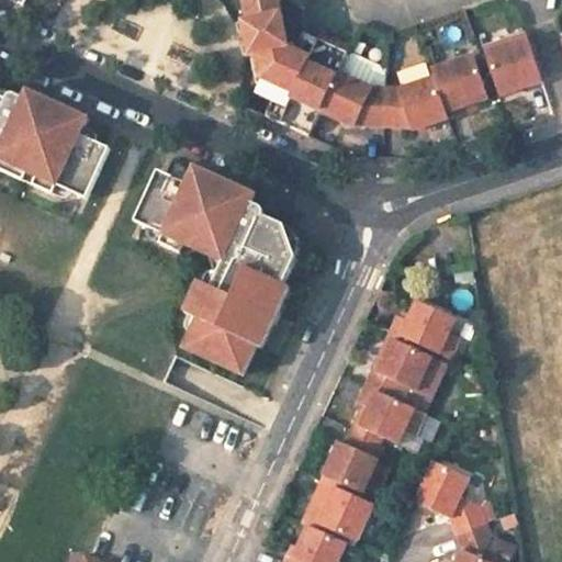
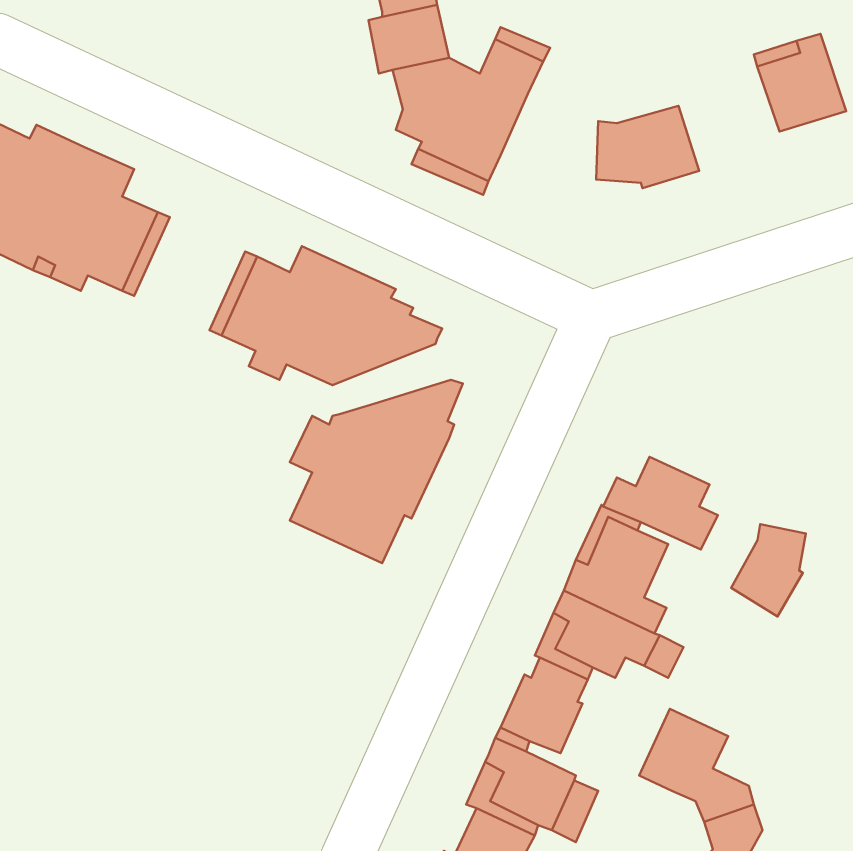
building: [434,55,490,117] -> none
building: [322,68,384,124] -> none
building: [214,218,297,273] -> none
building: none -> [731,524,806,616]

